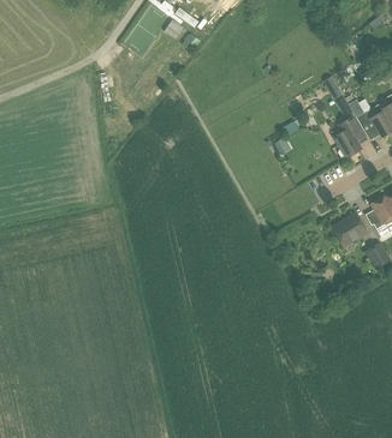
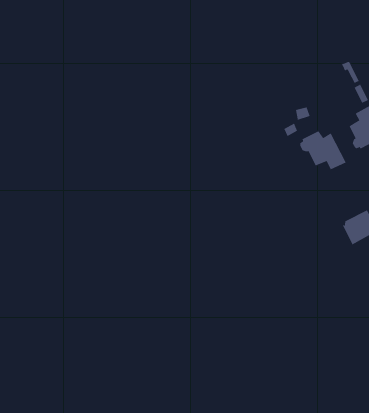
building: none -> [300,130,346,170]

